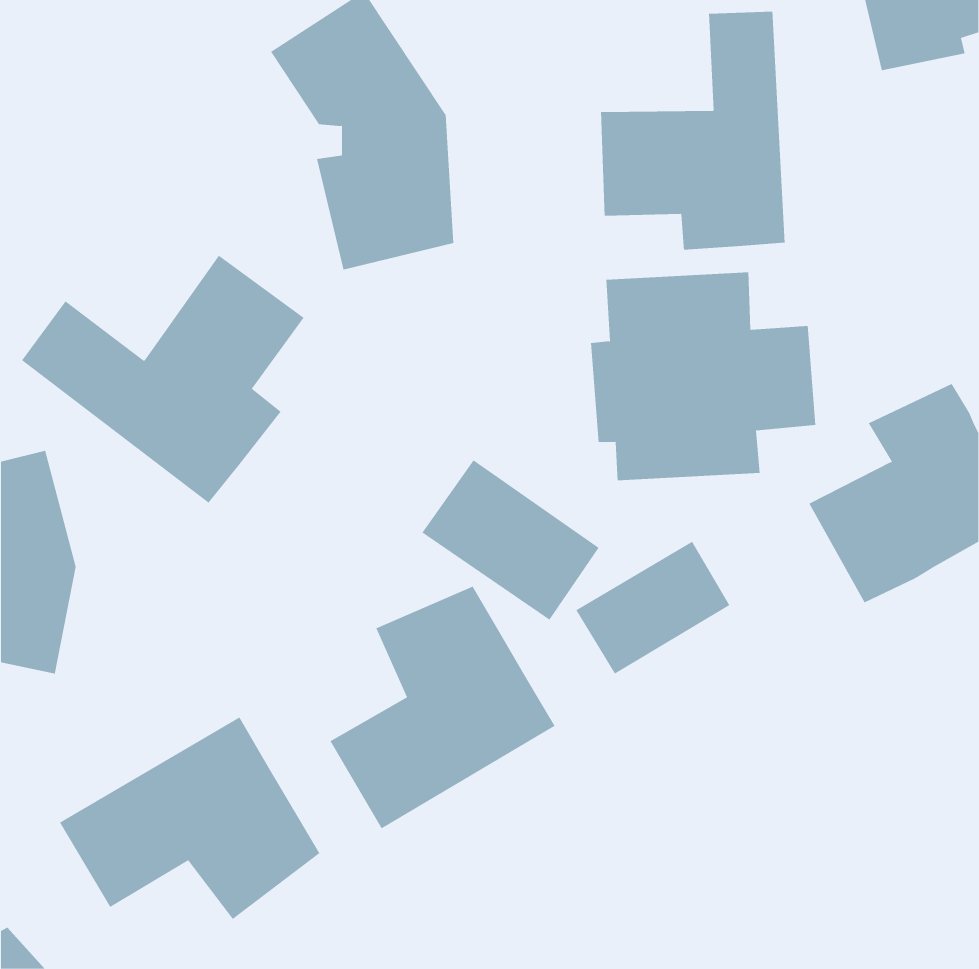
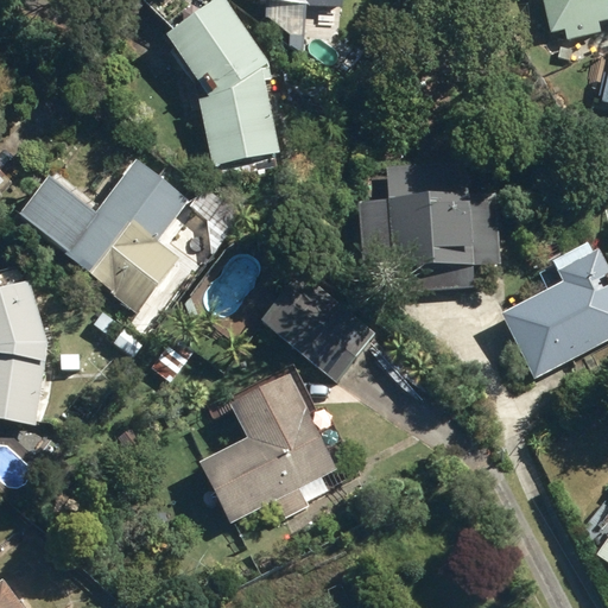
building: [601,11,785,250] -> none
building: [575,541,730,674] -> none
building: [59,717,320,920] -> none

